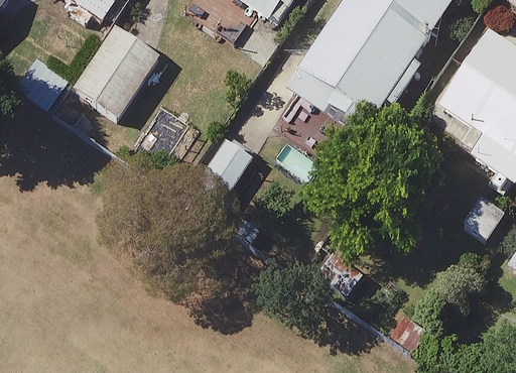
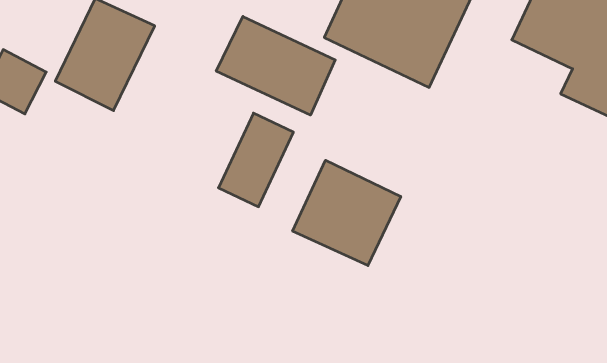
building: none -> [216,16,335,115]
building: none -> [293,160,401,266]

